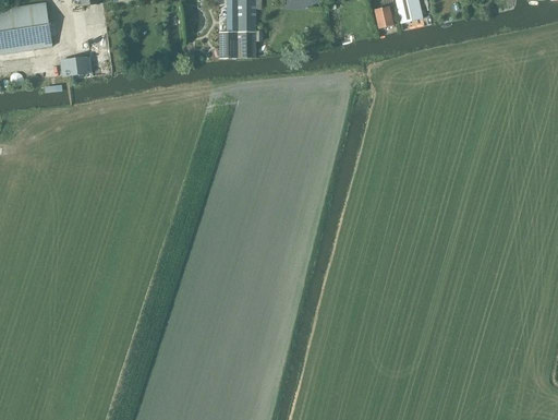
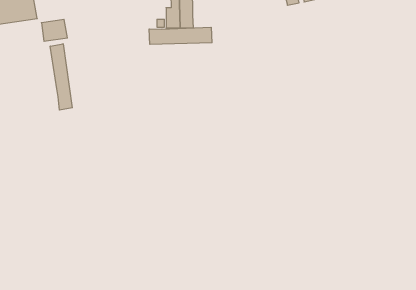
building: none -> [149,27,212,44]
building: none -> [50,44,72,110]

